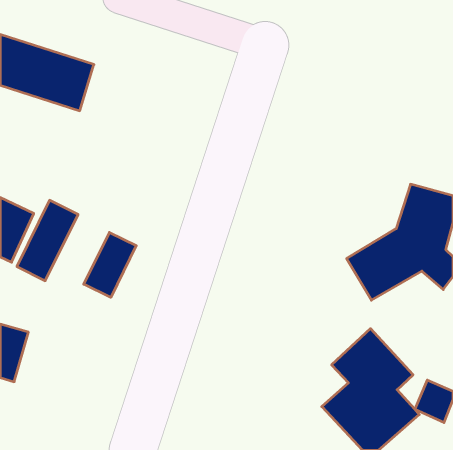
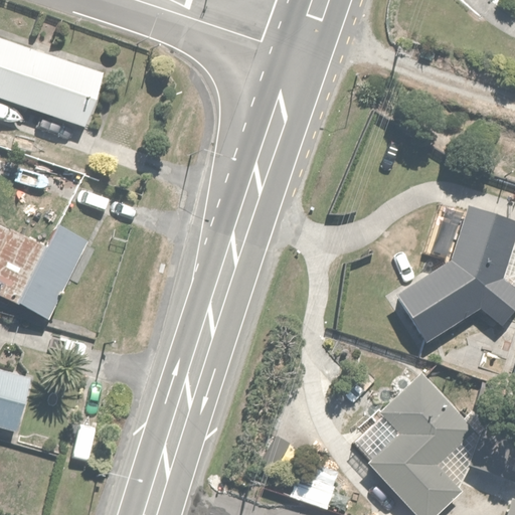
building: [84,232,136,297] -> none

